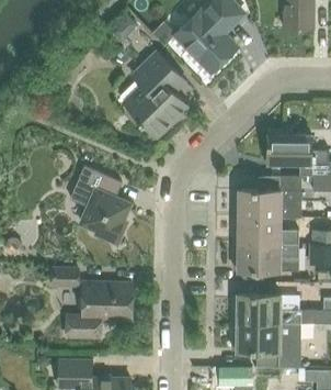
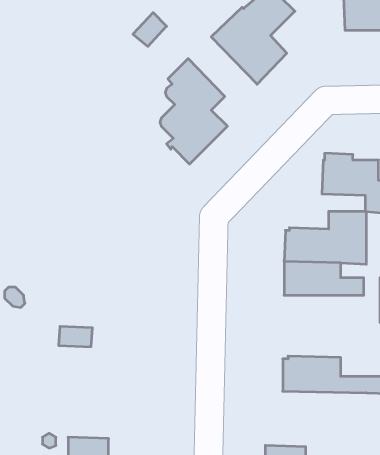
building: [69,166,129,244] -> none
building: [233,244,298,271] -> none
building: [67,283,132,336] -> none
building: [232,322,300,367] -> none

